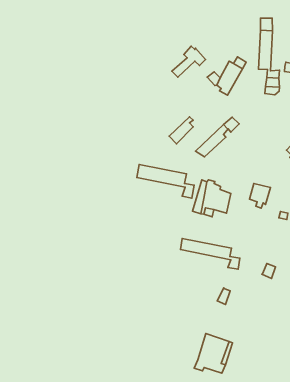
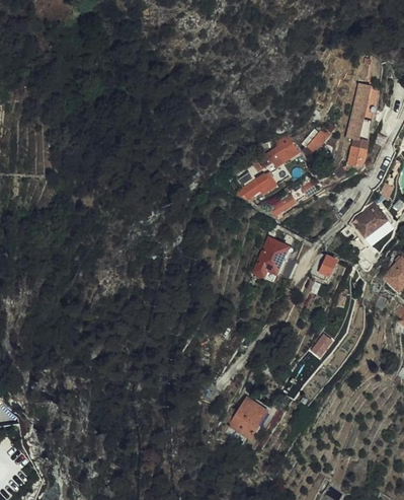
building: [172,46,205,77] -> [260,136,297,165]
building: [137,164,194,198] -> none
building: [180,239,240,269] -> none

